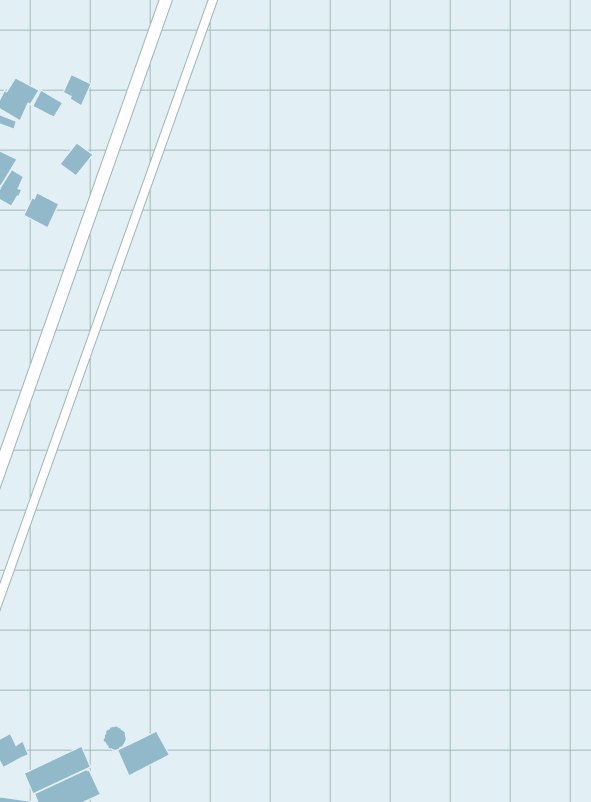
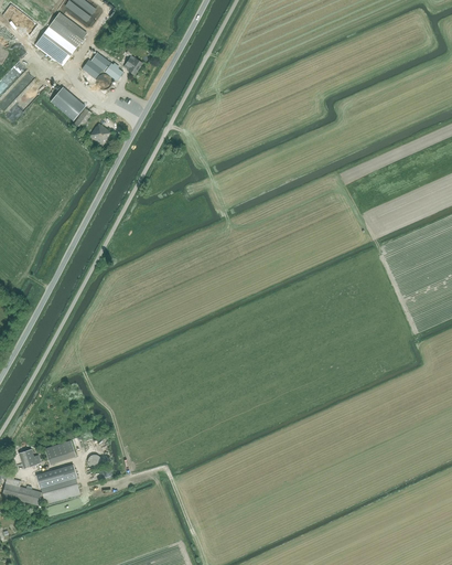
building: [118,731,169,776] -> [44,441,75,466]

